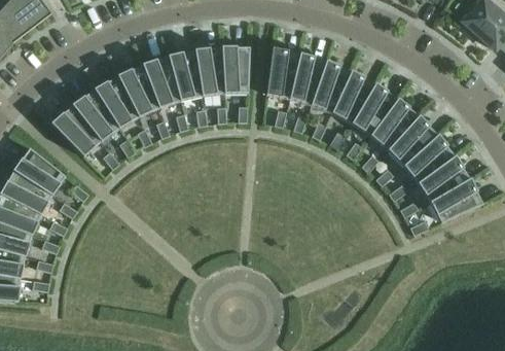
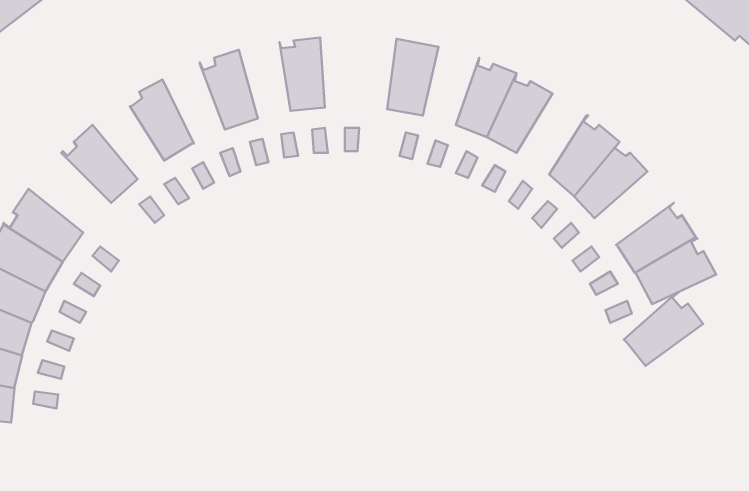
building: [221,45,249,93] -> none
building: [168,49,202,100] -> none
building: [289,52,326,104] -> none
building: [117,64,158,116] -> none
building: [351,83,397,137] -> none
building: [71,87,118,140] -> none
building: [402,135,455,183] -> [624,293,703,366]

